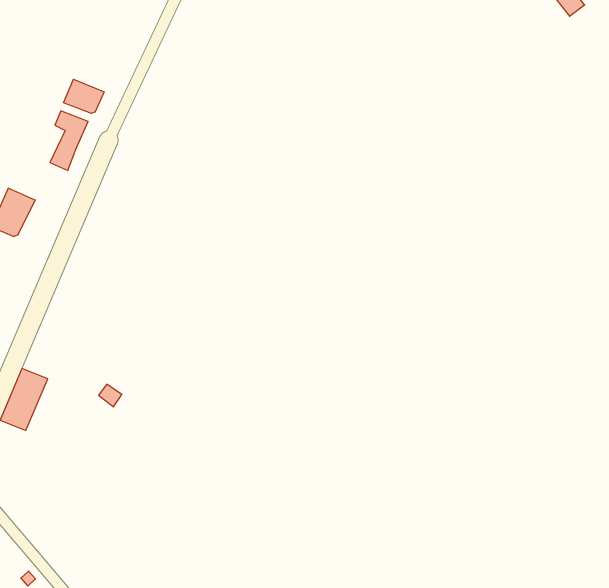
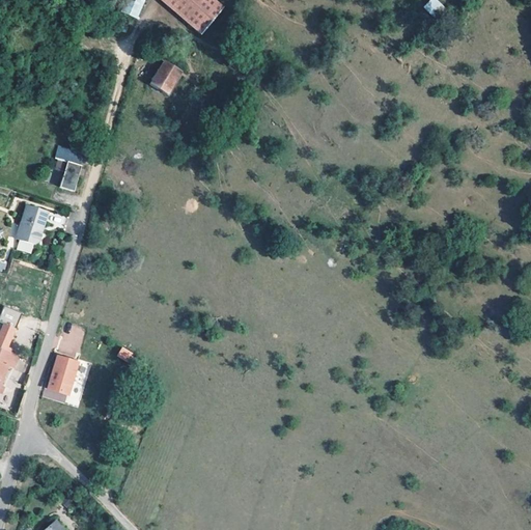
building: none -> [148,60,183,95]
building: [63,79,104,113] -> none

